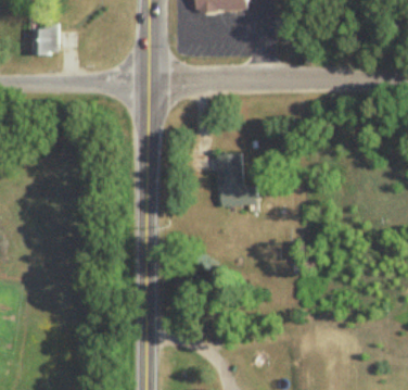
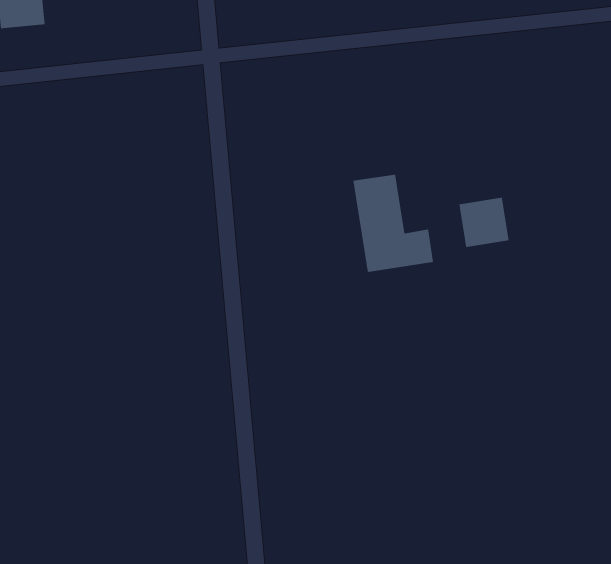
building: none -> [459,197,509,248]

